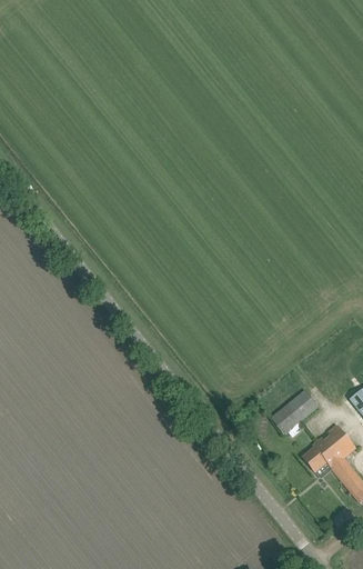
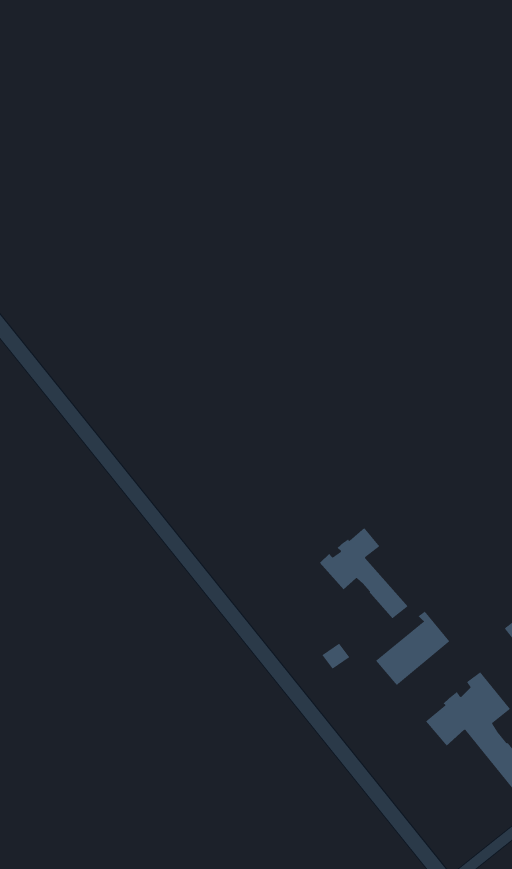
building: none -> [319,527,408,619]

